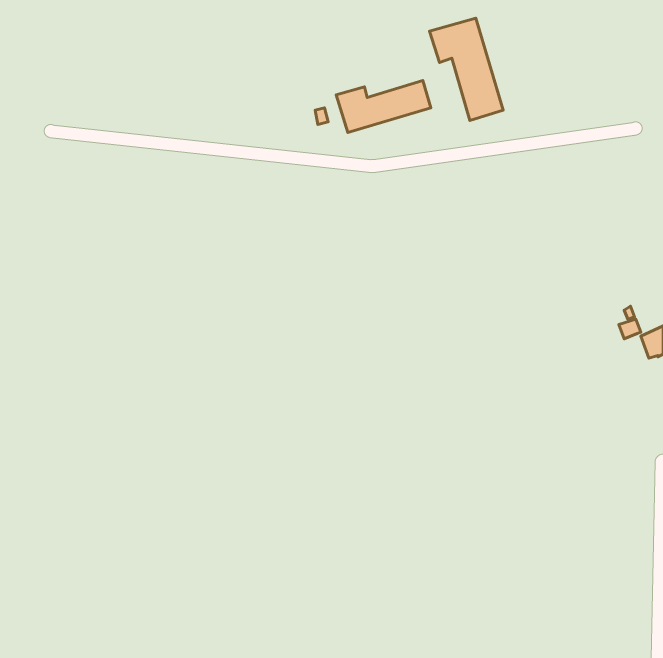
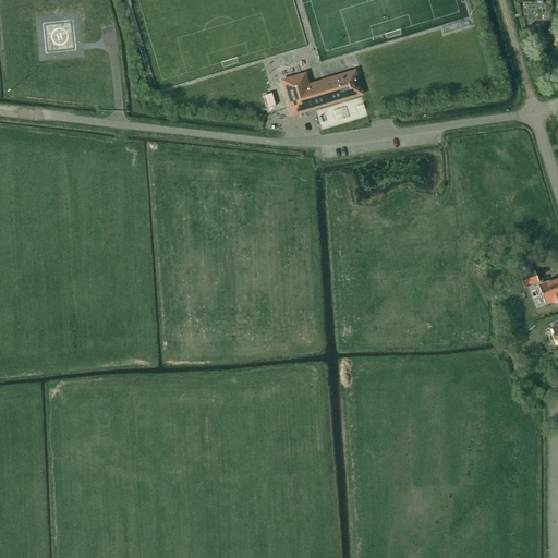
building: [429,18,503,120] -> none

